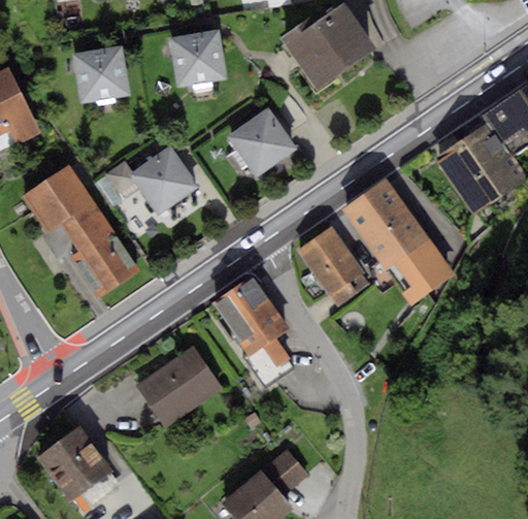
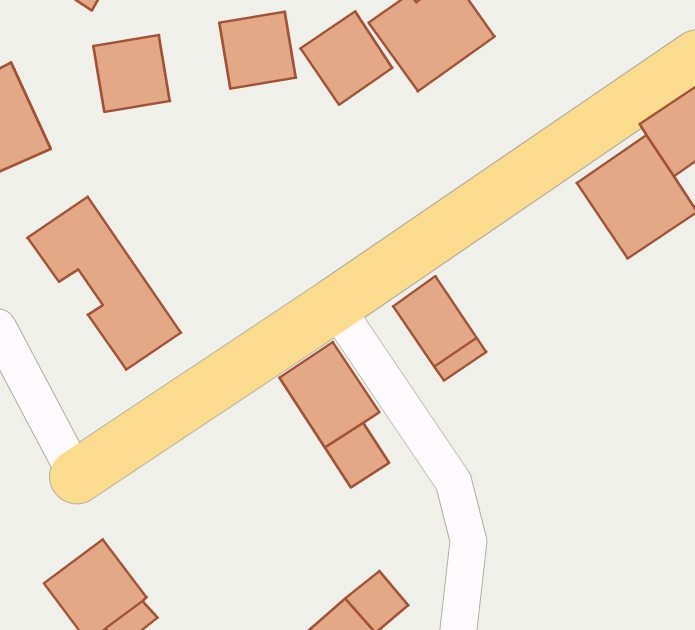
building: [226,107,295,177] -> [300,11,392,105]
building: [107,145,199,217] -> none
building: [343,179,453,304] -> none
building: [137,347,221,426] -> none

